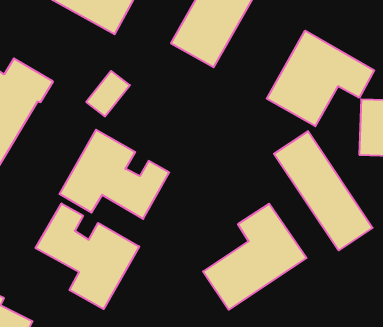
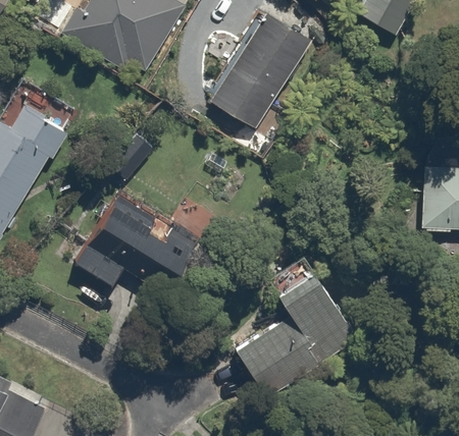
building: [267,31,374,126] -> none
building: [274,131,373,250] -> none
building: [36,203,139,309] -> none

